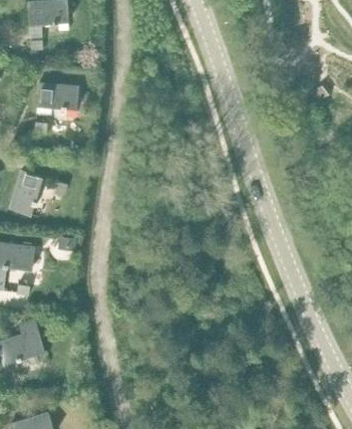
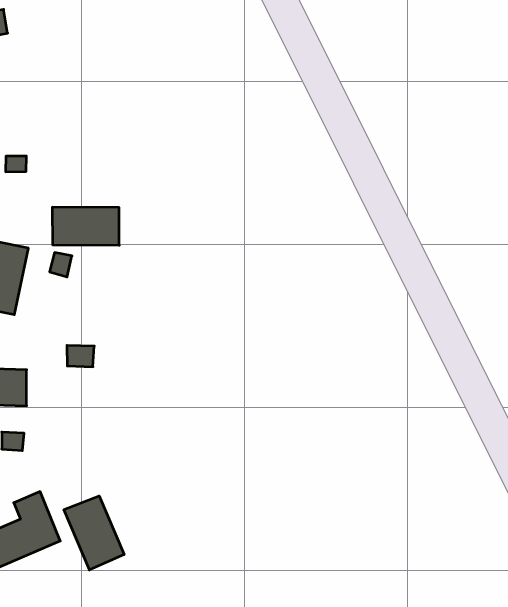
building: [37,83,78,110] -> [52,207,119,245]
building: none -> [64,496,124,570]

